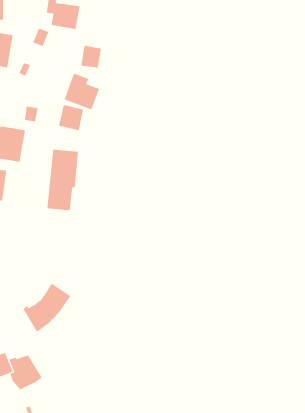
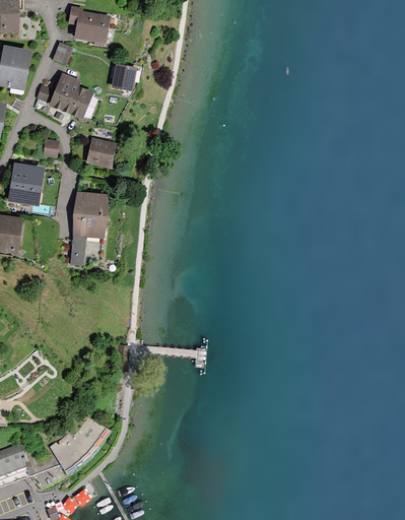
building: [64,73,100,110] -> [51,73,95,119]
building: [22,283,71,332] -> [49,411,109,472]

